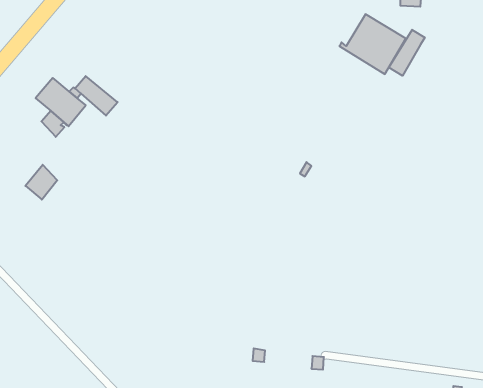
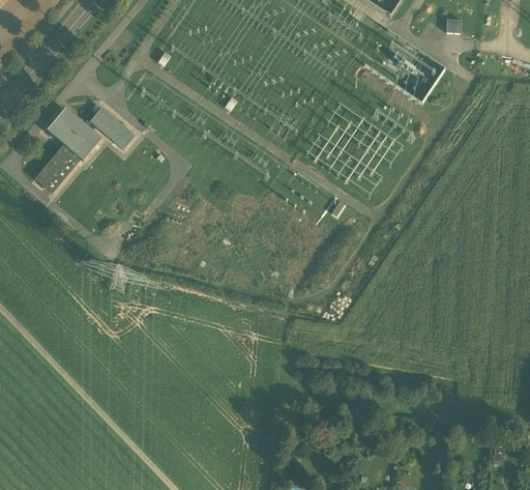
building: [389,30,425,76] -> none
building: [25,165,57,200] -> [34,154,68,192]

